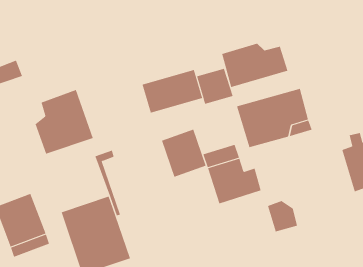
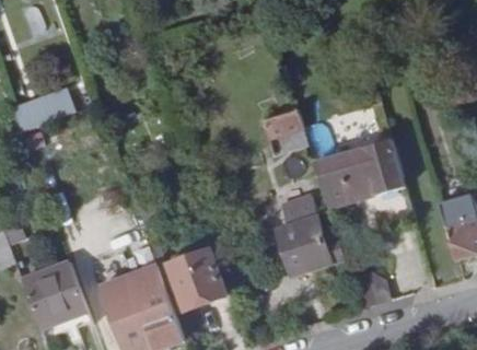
building: [222,43,288,88] -> none
building: [142,69,203,114] -> none
building: [35,89,93,154] -> none
building: [161,129,206,178] -> [172,252,226,311]

